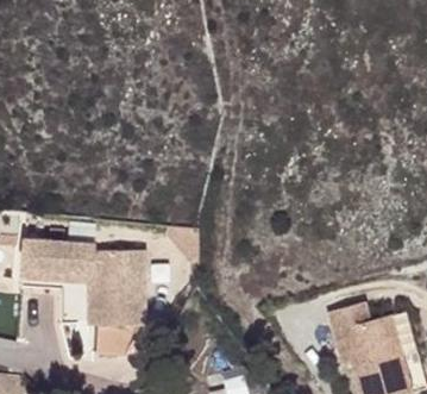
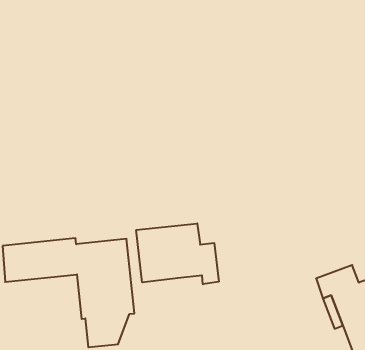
building: none -> [136,223,219,284]

